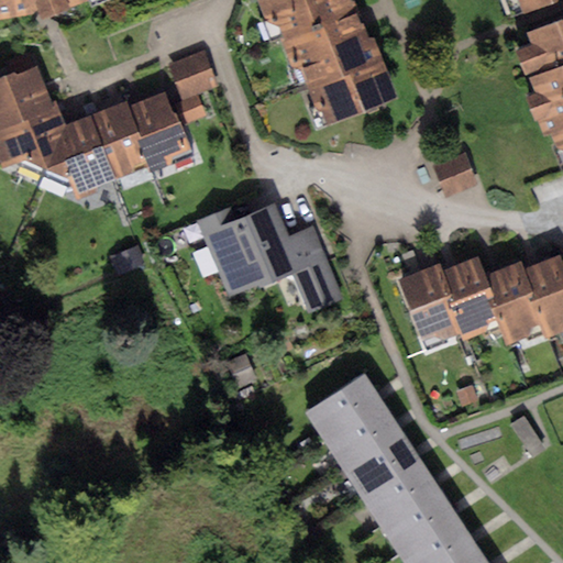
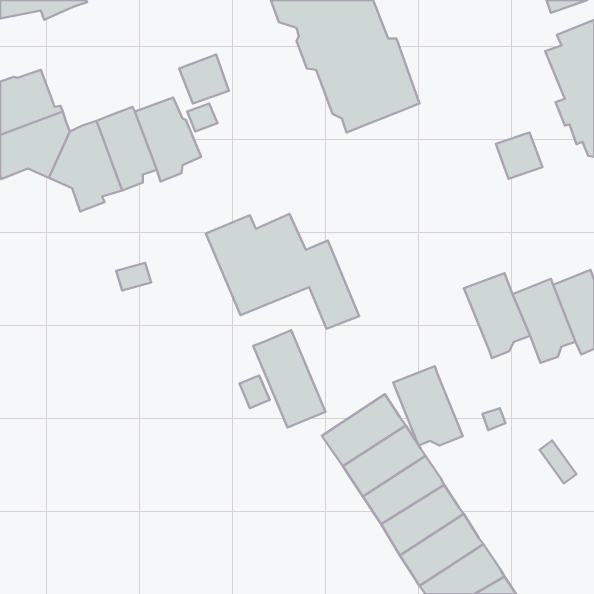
building: [433,153,477,197] -> [496,132,542,179]
building: [397,266,463,341] -> [393,366,463,445]
building: none -> [253,330,325,428]

